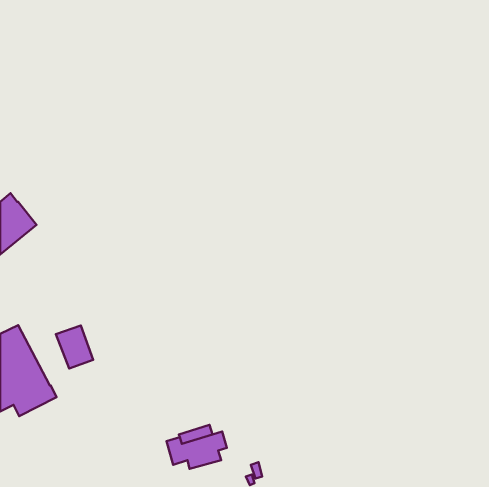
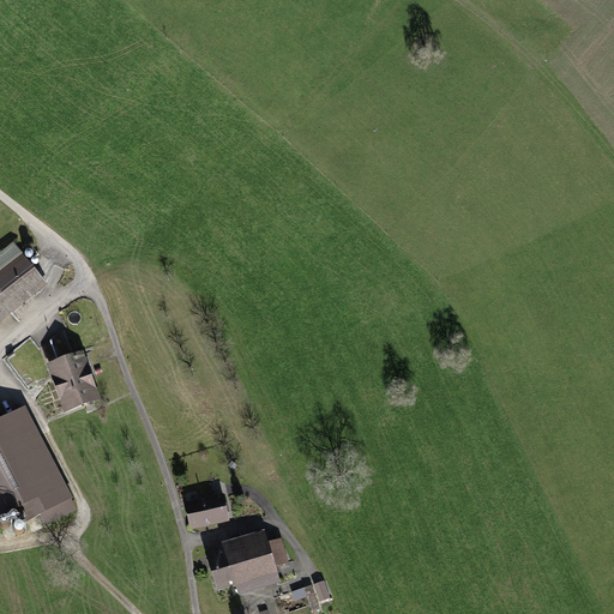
building: [56,325,93,369] -> [50,354,97,408]
building: none -> [188,495,227,525]

